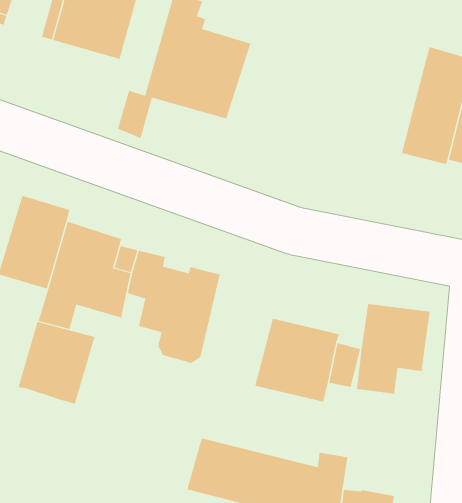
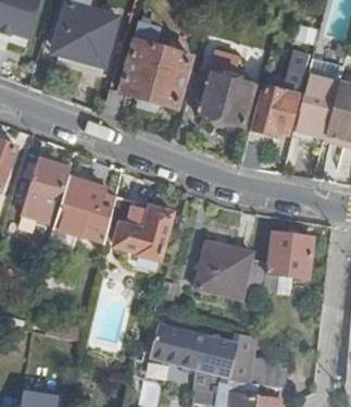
building: none -> [183,64,251,126]
building: none -> [239,83,297,169]
building: [18,321,95,405] -> none

